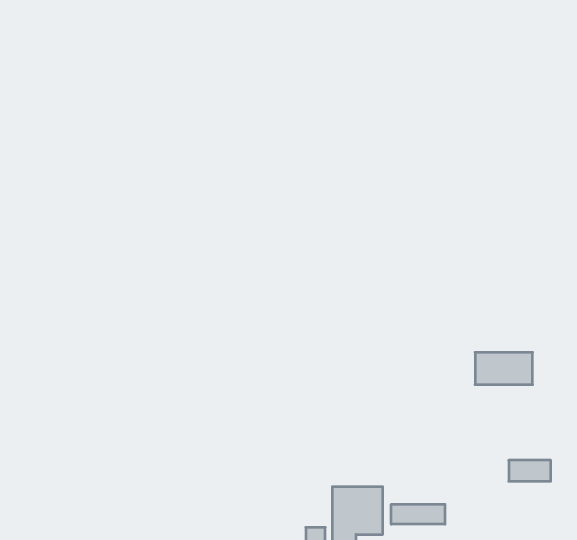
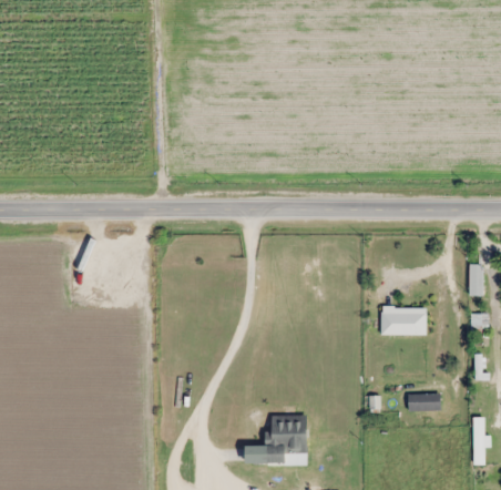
building: [391,504,445,524] -> none

